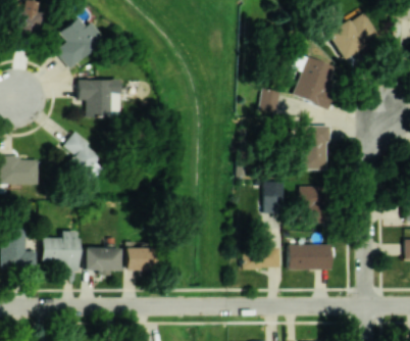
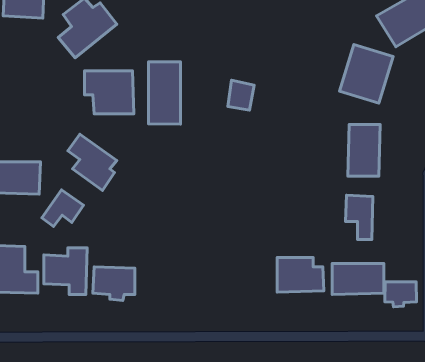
building: none -> [149,62,180,124]
building: [261,88,284,113] -> [228,80,254,110]
building: [264,181,285,214] -> none
building: none -> [42,190,84,226]
building: [126,246,156,270] -> none
building: none -> [385,282,416,307]

